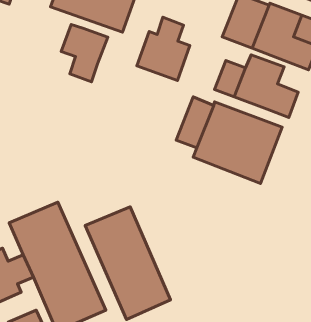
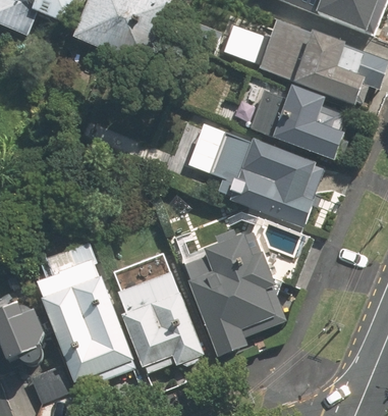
building: [137,17,190,81] -> none
building: [61,24,108,82] -> none
building: none -> [181,233,281,353]

